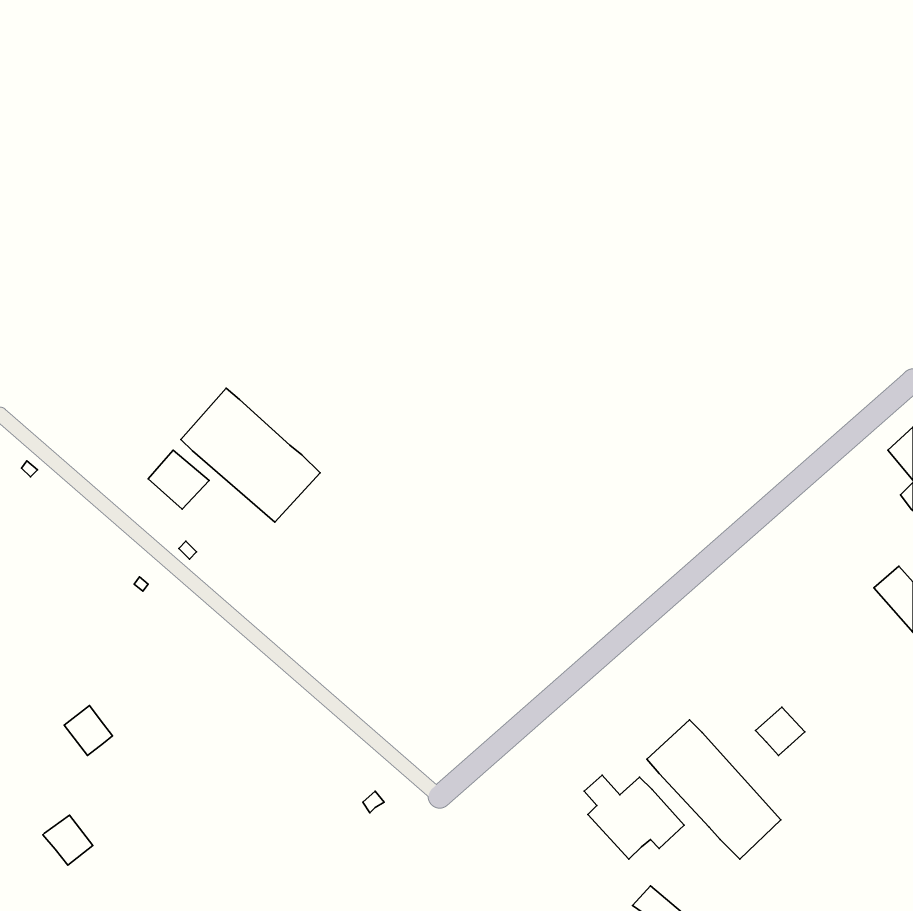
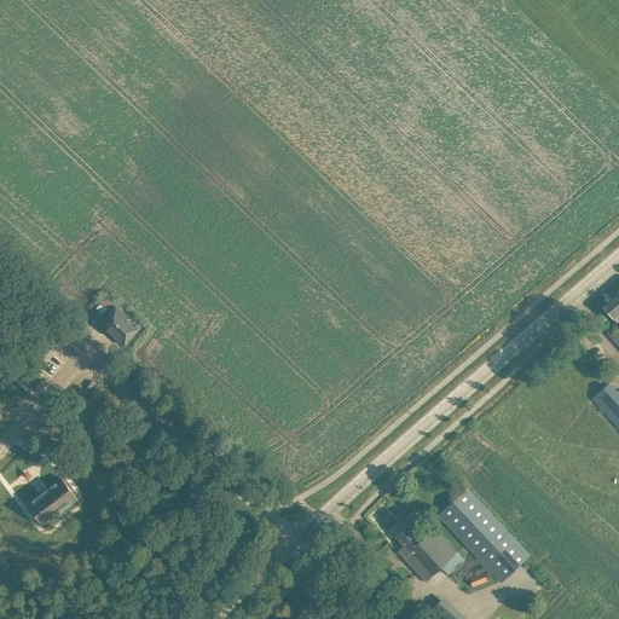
building: [181,388,320,522] -> none
building: [756,707,805,755] -> none
building: [43,815,93,865] -> [25,492,59,526]

